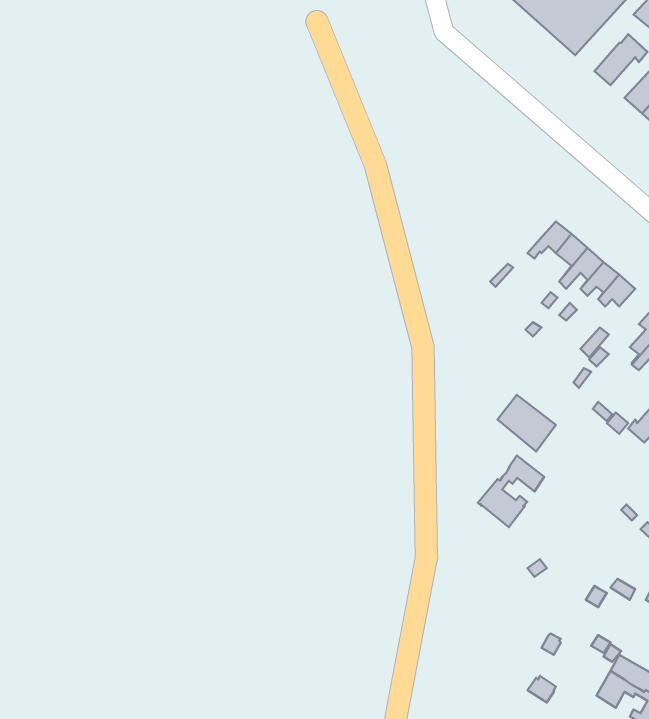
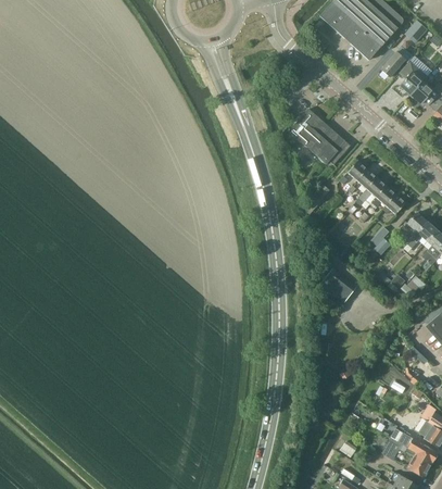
building: none -> [288,108,351,164]
building: [478,456,544,527] -> none

